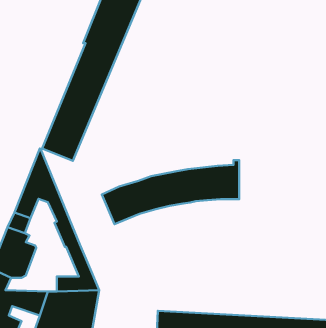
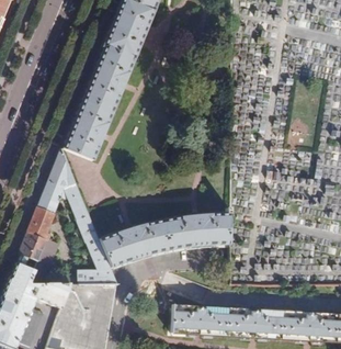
building: [102,160,239,224] -> [100,207,231,269]

